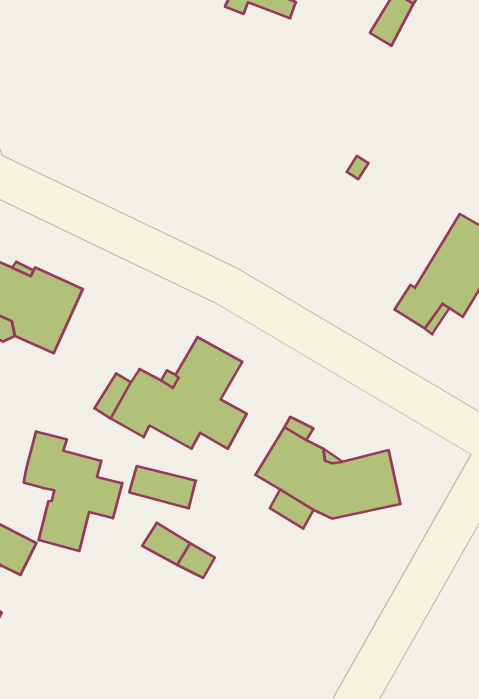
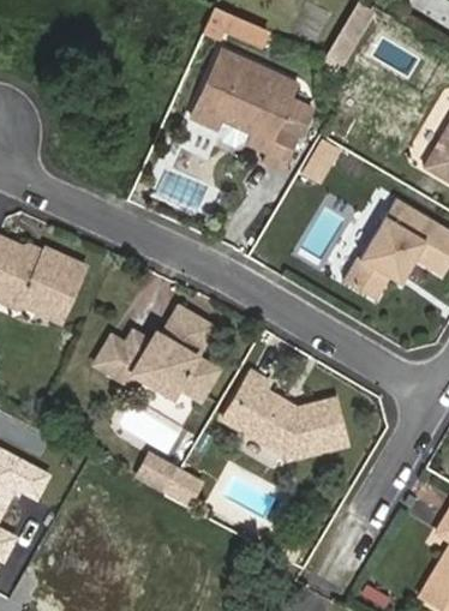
building: none -> [192,50,311,170]
building: [24,431,122,551] -> none

